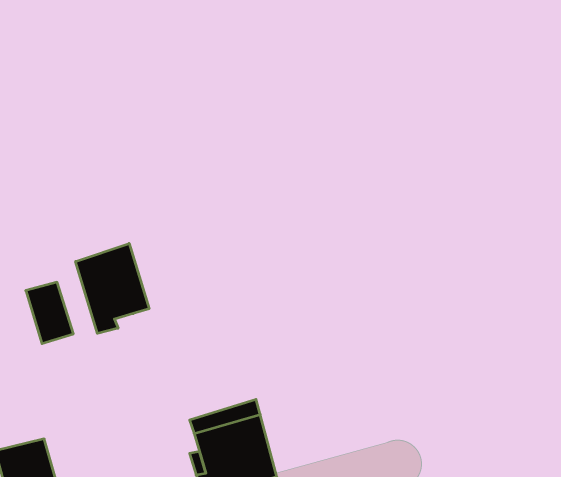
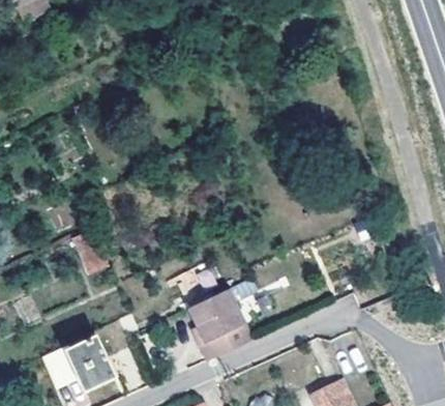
building: [76,243,149,333] -> none

